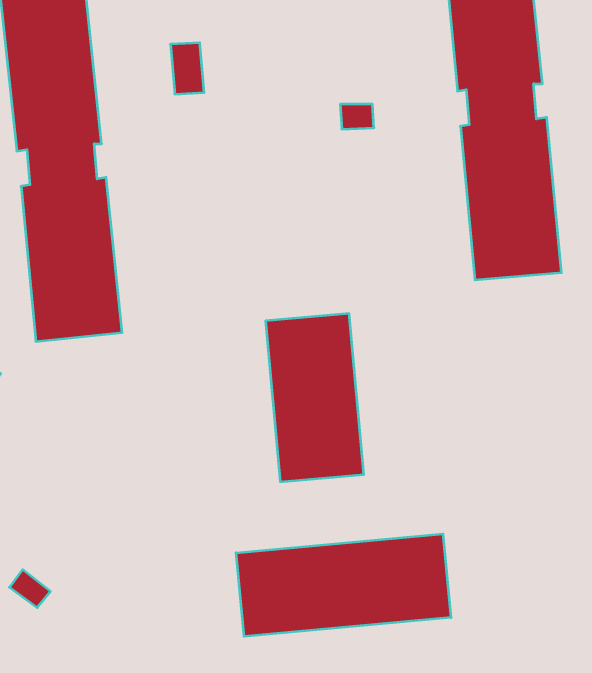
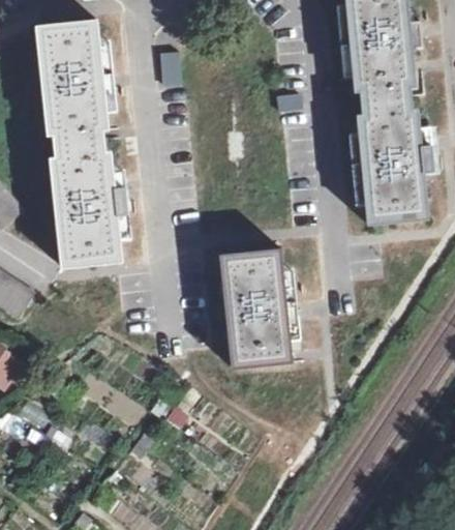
building: [236,534,451,636] -> none

